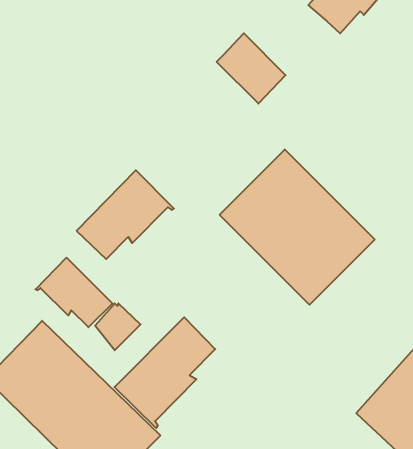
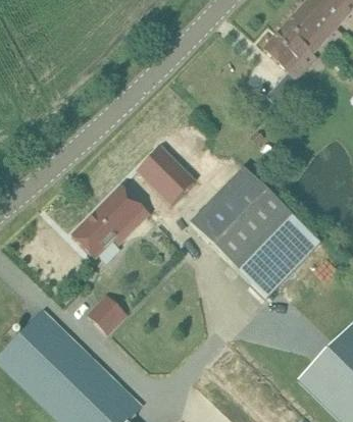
building: [217,33,286,104] -> [137,146,194,204]
building: [35,258,113,327] -> none
building: [114,317,215,428] -> none

